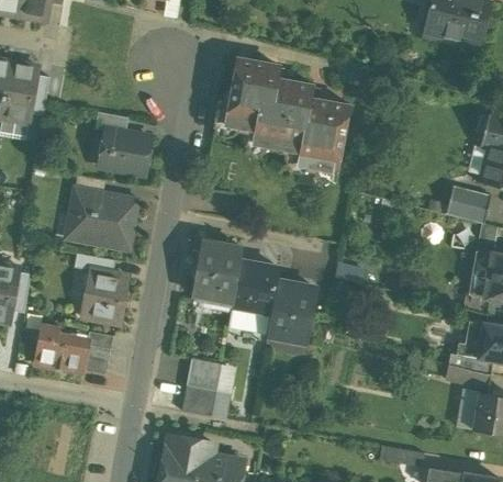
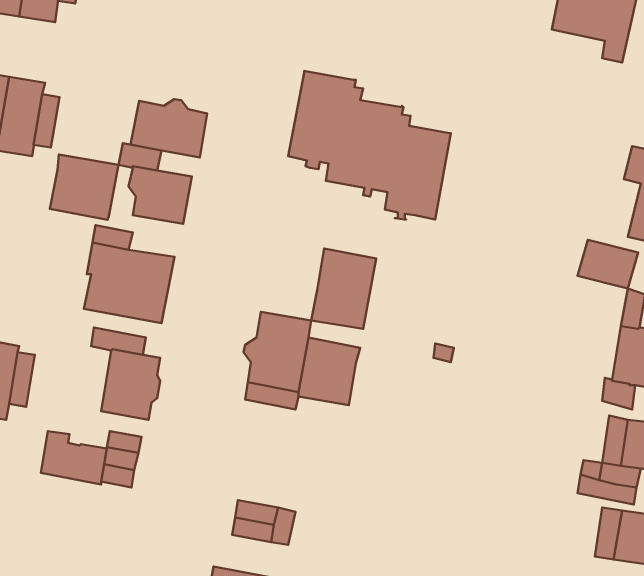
building: none -> [130,99,207,158]
building: none -> [50,155,118,220]
building: [266,280,315,341] -> [311,248,376,329]
building: [186,358,221,390] -> none

